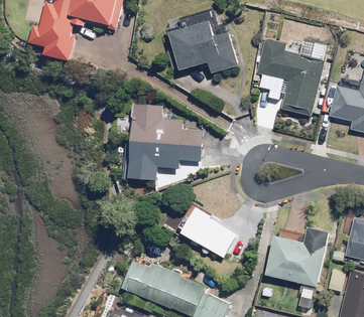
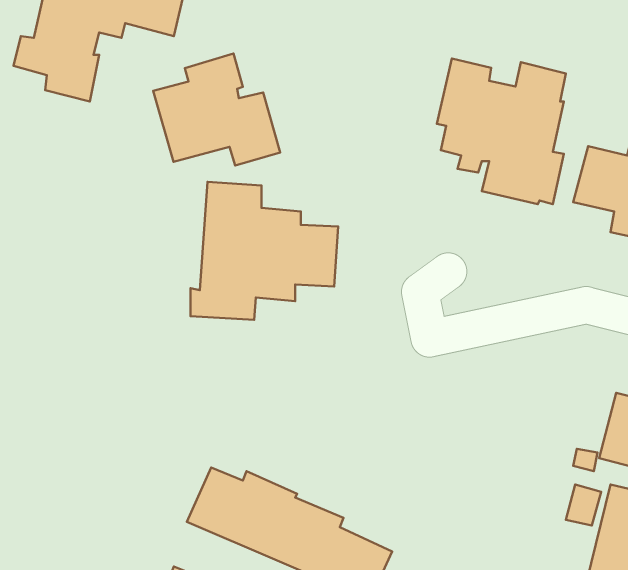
building: [169,12,238,72] -> [153,53,280,165]
building: [163,203,237,258] -> none
building: [265,225,330,308] -> none

